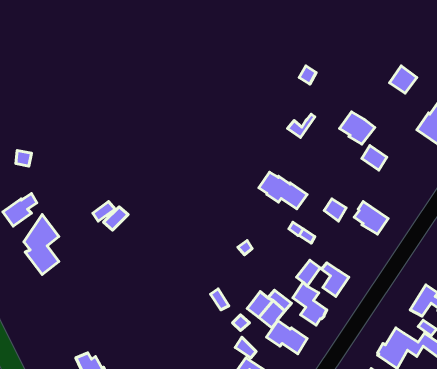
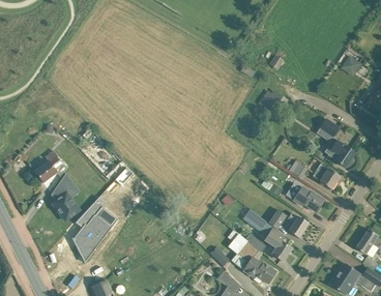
building: [340,112,375,144] -> [326,141,354,167]
building: [259,172,307,209] -> [285,182,323,211]
building: none -> [70,198,109,264]

